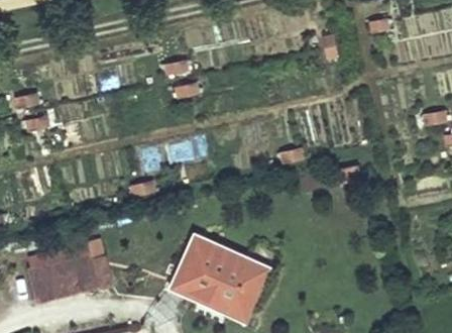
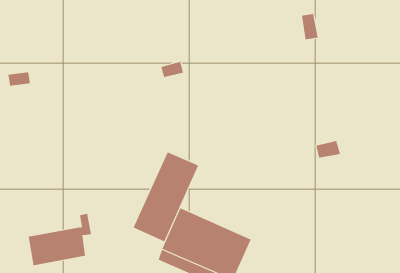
building: none -> [133,152,199,242]

